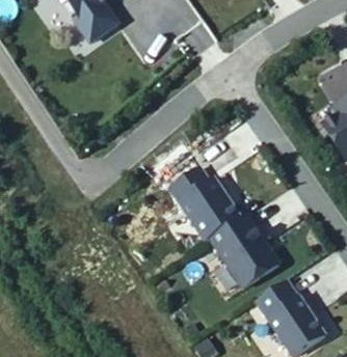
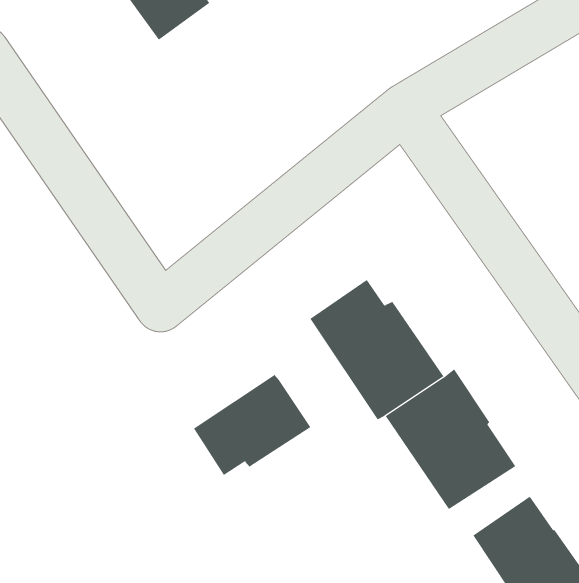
building: none -> [193,374,311,476]

